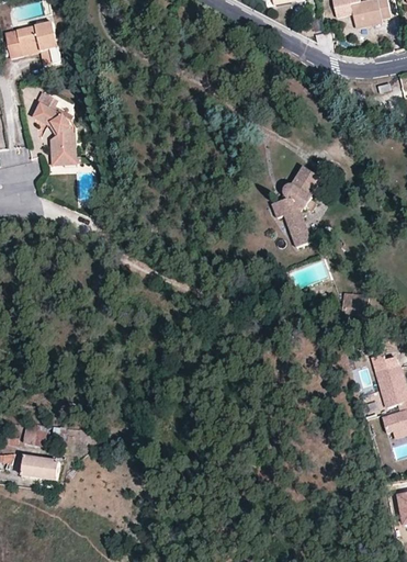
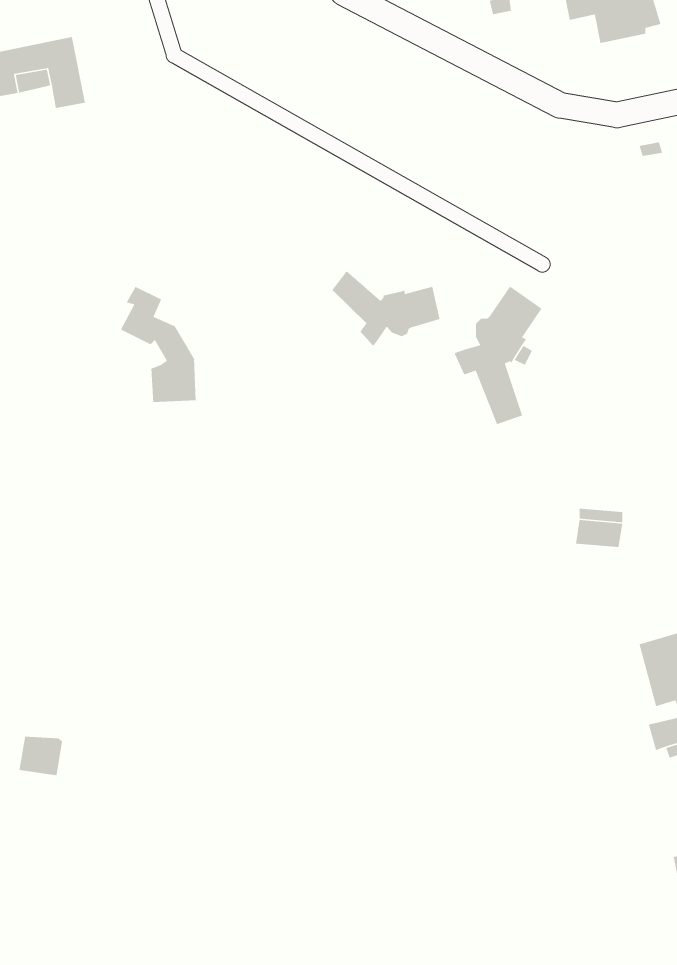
building: [32,91,76,158] -> [120,286,197,403]
building: none -> [331,270,441,346]
building: [21,457,59,479] -> none

